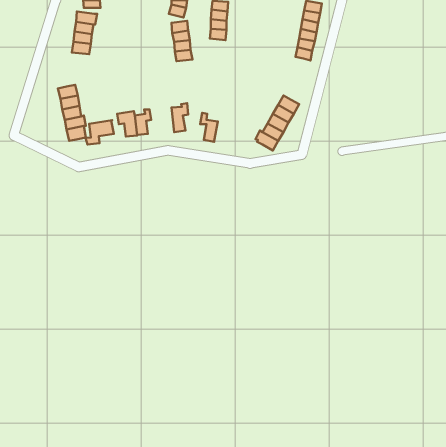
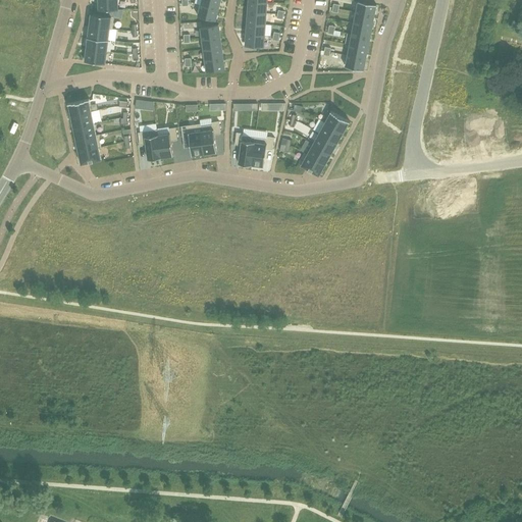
building: none -> [180,123,203,155]
building: none -> [250,137,273,166]
building: [86,120,114,145] -> none

